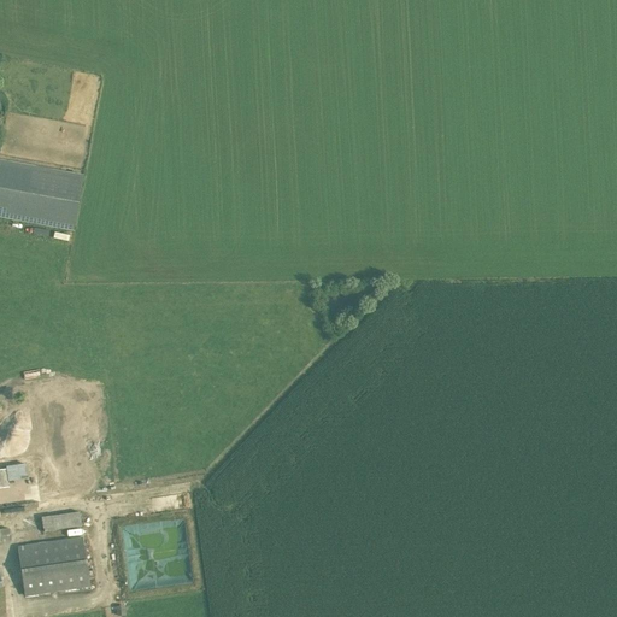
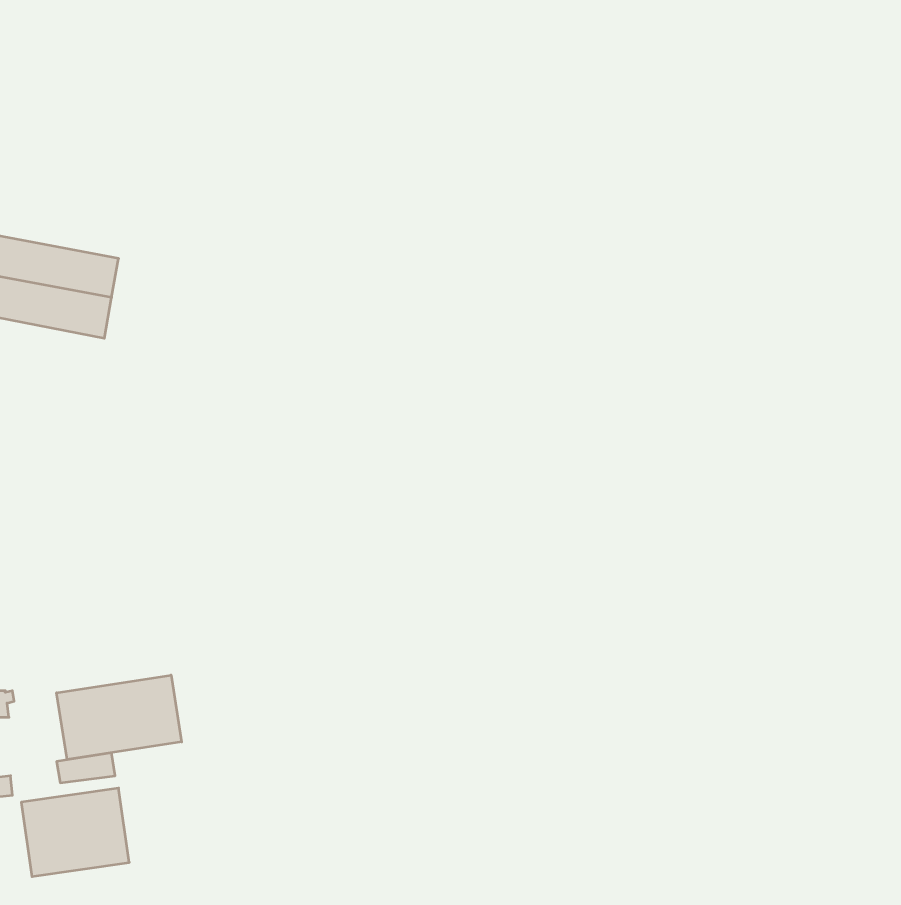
building: none -> [57,675,182,760]

